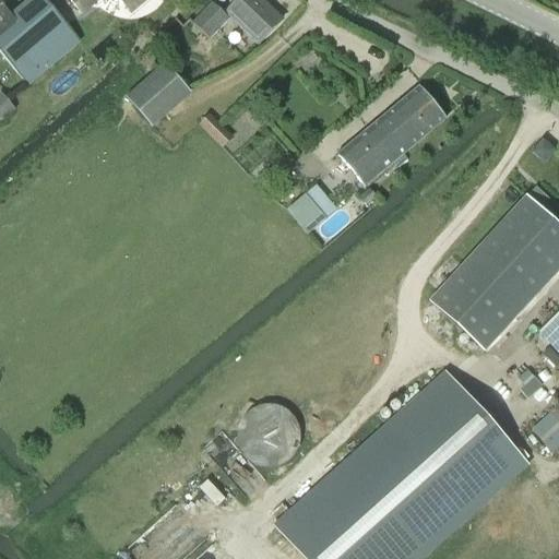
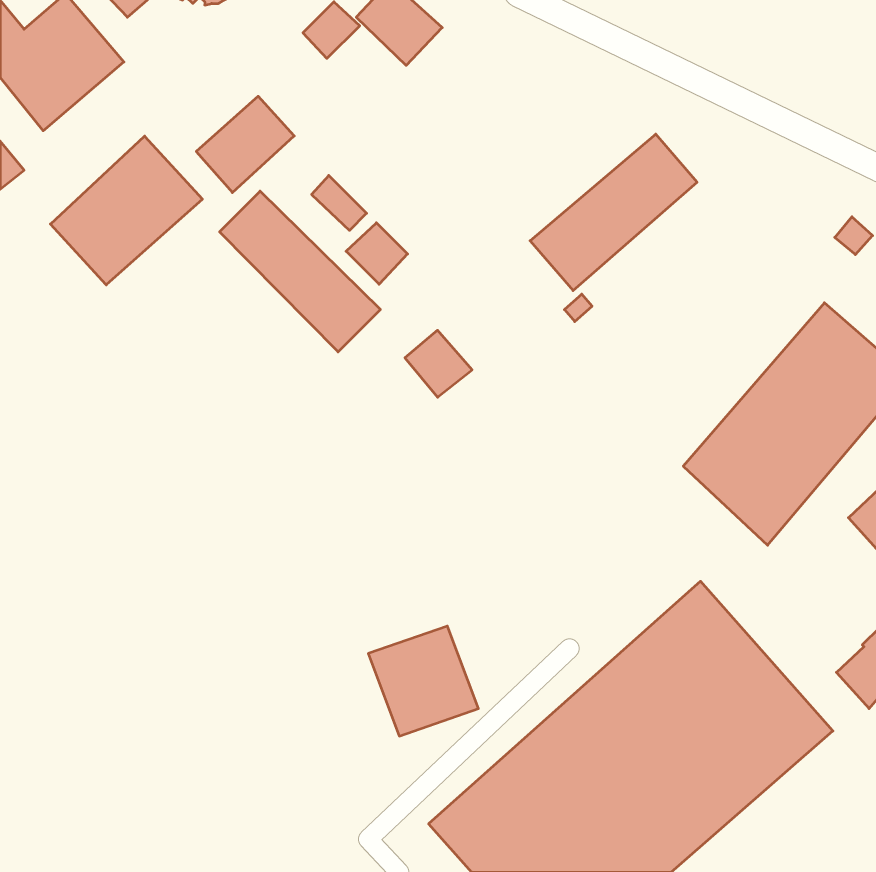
building: none -> [50,136,202,285]
building: none -> [220,191,380,352]
building: none -> [346,223,408,284]
building: [288,189,331,231] -> [405,330,472,397]

